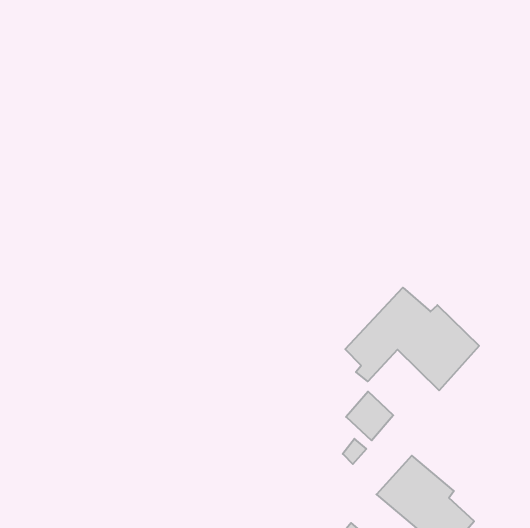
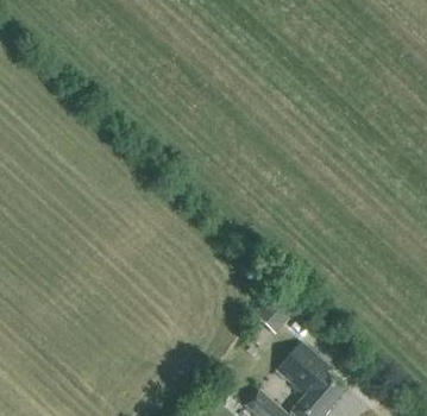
building: [345,288,479,390] -> none

